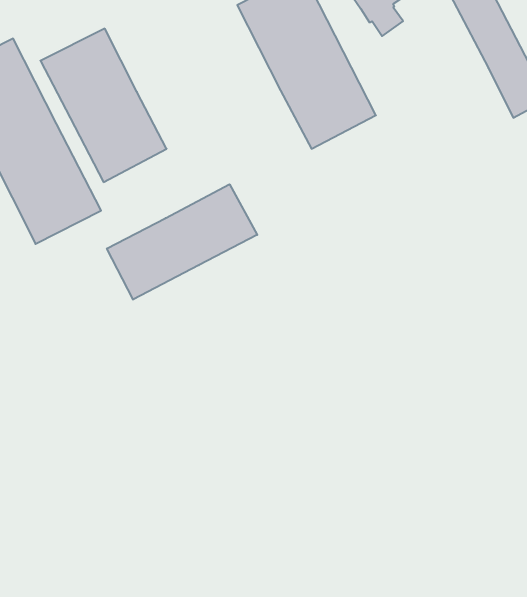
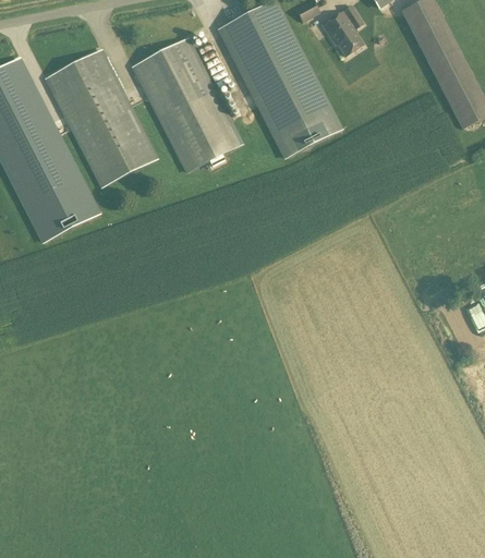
building: none -> [131,38,240,170]
building: [107,184,257,300] -> none

